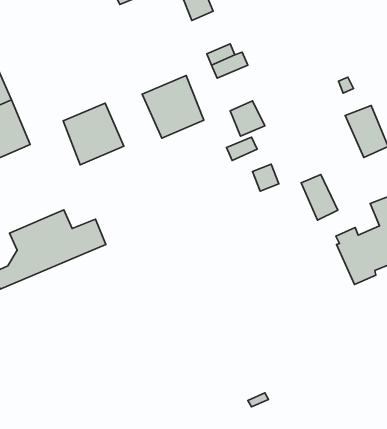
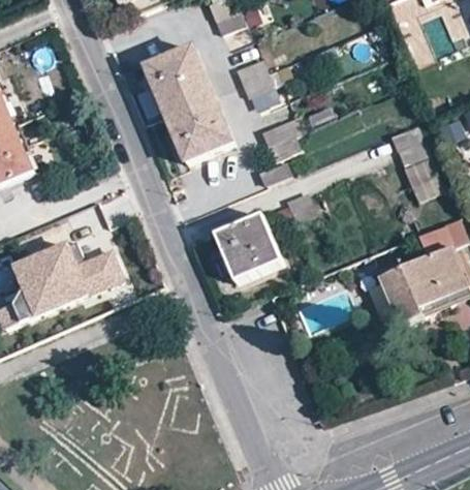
building: [63,103,124,165] -> [143,44,210,113]
building: [301,175,338,220] -> none
building: none -> [213,215,278,281]

